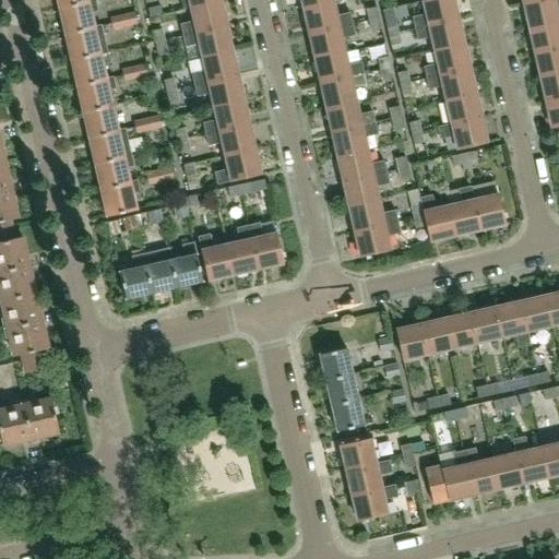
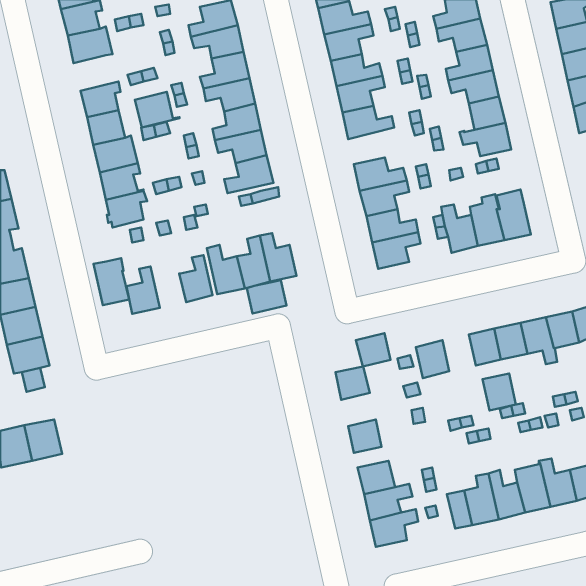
building: [71,52,114,86] -> [135,92,180,127]
building: [332,121,379,156] -> none
building: [144,248,178,293] -> [94,258,129,305]
building: none -> [247,280,286,314]
building: [421,318,453,353] -> [483,374,516,410]
building: [325,373,358,405] -> [356,333,390,367]

